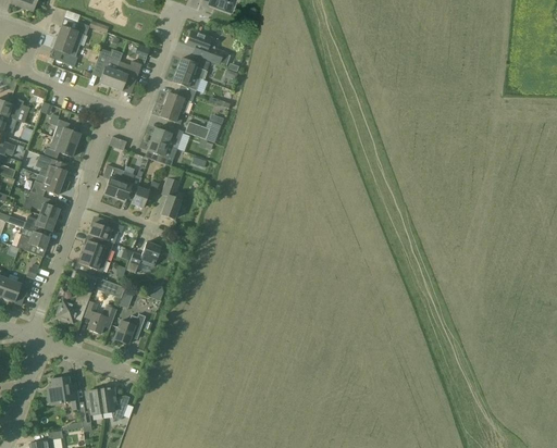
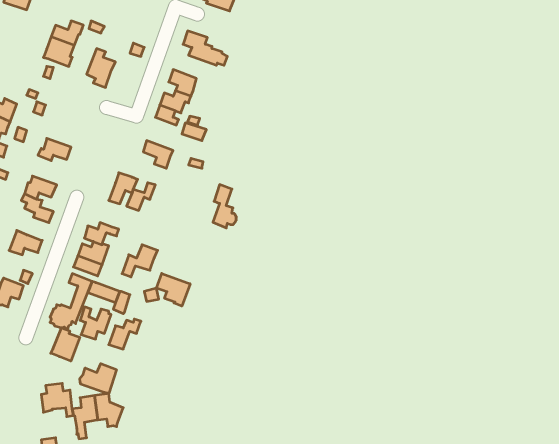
building: [176,58,209,79] -> none
building: [110,61,141,91] -> none
building: [48,114,81,146] -> none
building: [150,127,183,149] -> none
building: [35,154,66,183] -> none
building: [101,164,123,198] -> none
building: [160,177,183,220] -> [213,185,236,228]
building: [23,214,54,237] -> none
building: none -> [156,273,190,306]
building: none -> [51,328,80,361]
building: none -> [80,364,116,393]

